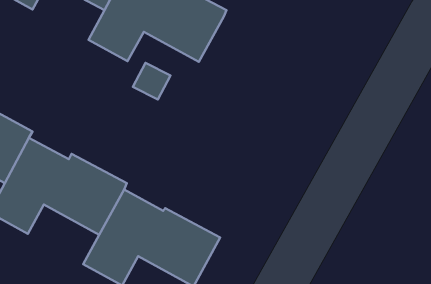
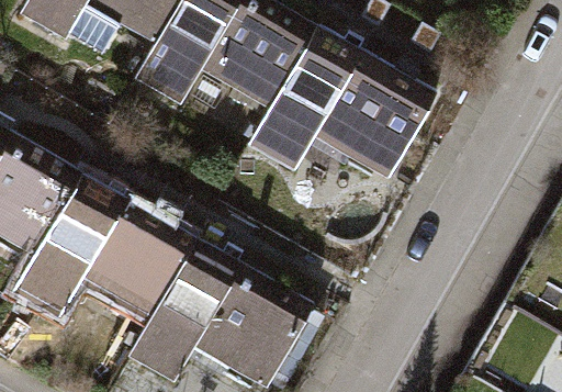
building: none -> [255,48,424,168]

